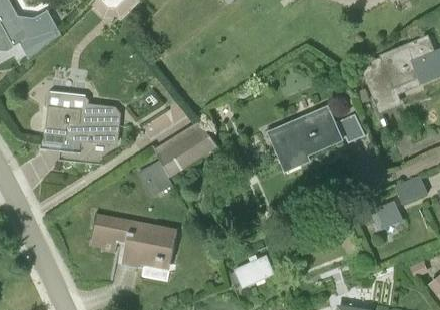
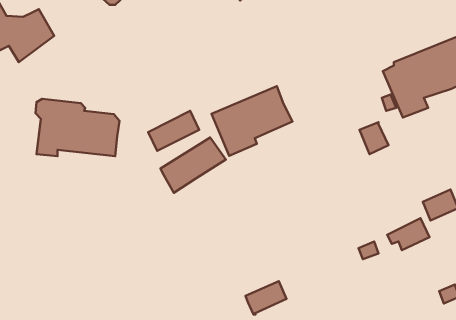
building: [269,108,342,172] -> [212,86,292,156]
building: [137,160,172,197] -> none
building: [89,214,177,267] -> none

